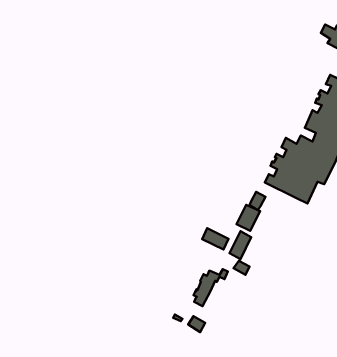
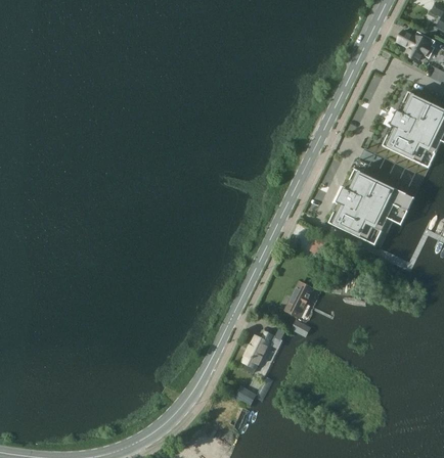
building: [236,205,260,231] -> none
building: [202,228,228,250] -> none

